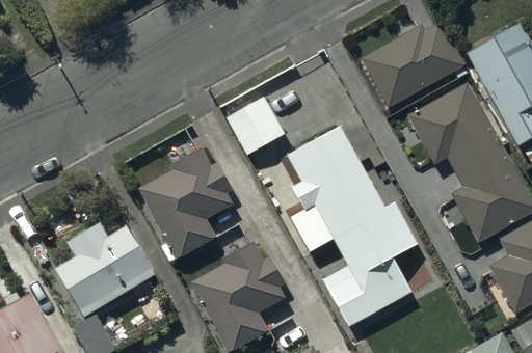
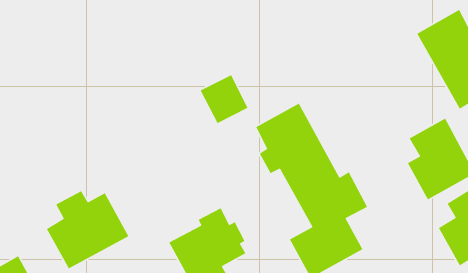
building: [365,27,461,104] -> none
building: [410,86,500,169] -> none
building: [141,153,228,257] -> none

